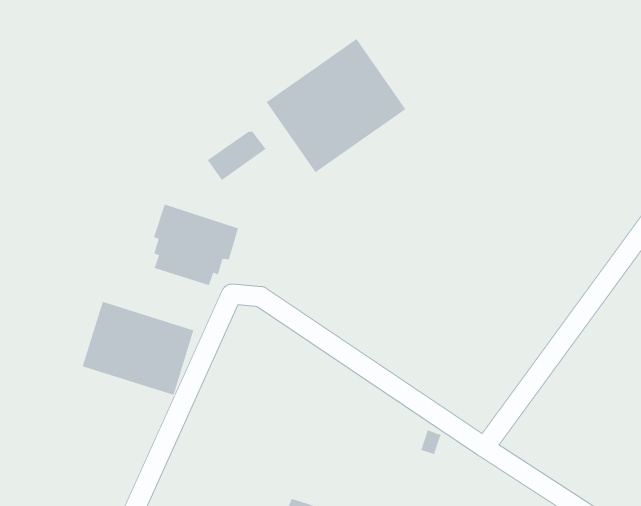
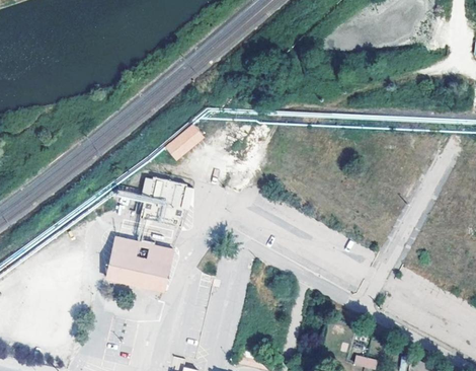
building: [266,38,406,173] -> none

